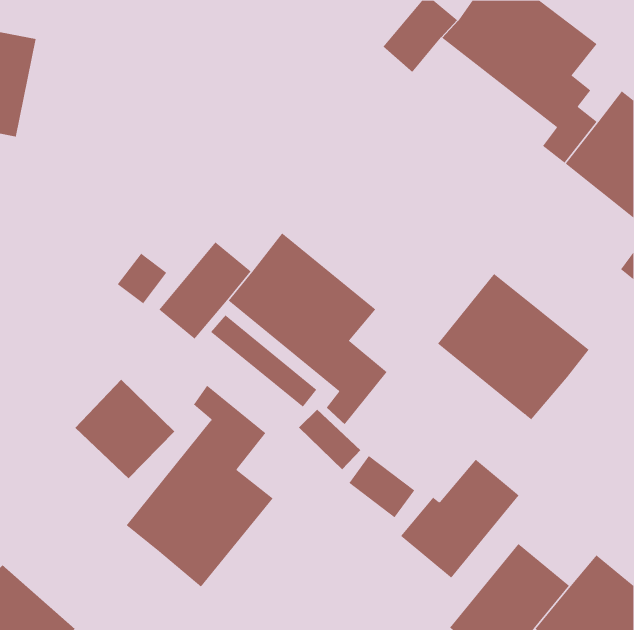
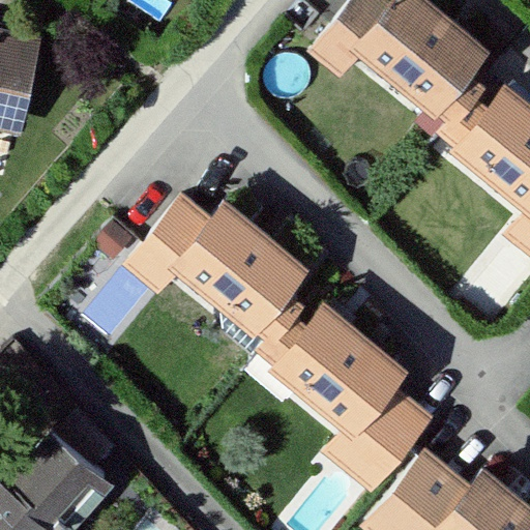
building: [437,273,589,420] -> [284,302,409,423]
building: [75,379,175,479] -> [8,425,91,508]
building: [126,385,273,587] -> none

